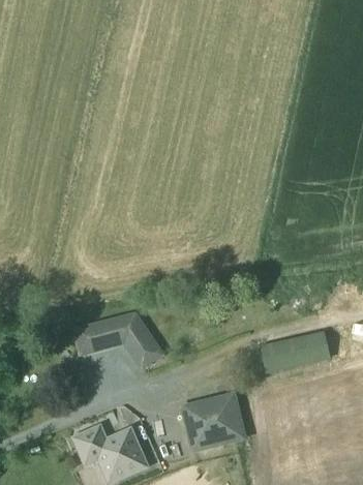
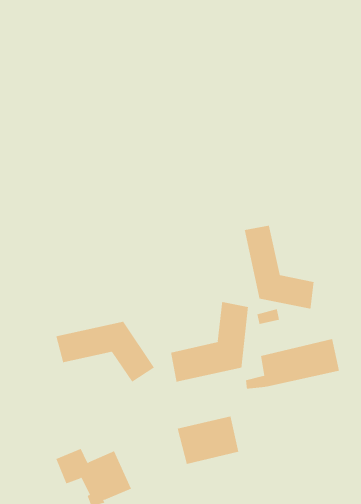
building: none -> [244,225,314,309]
building: none -> [171,301,249,383]

